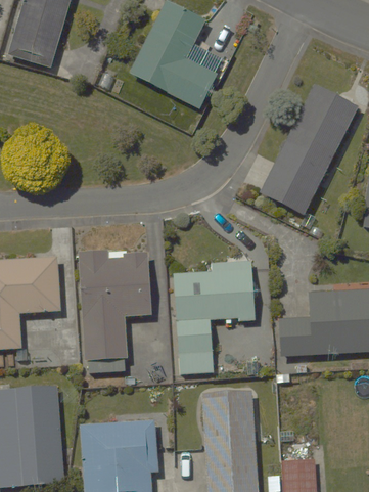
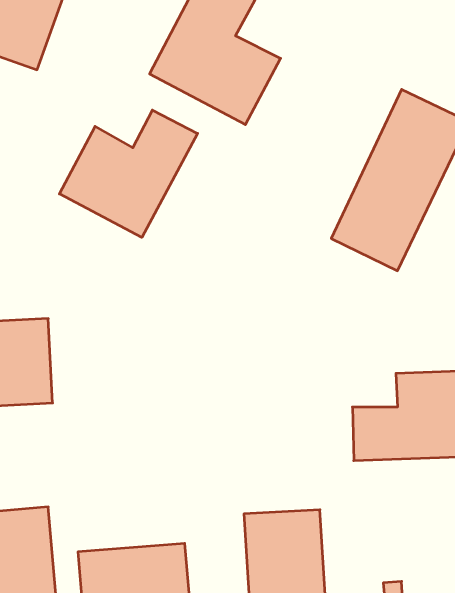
building: none -> [59,110,198,237]
building: [75,241,150,359] -> none
building: [176,261,257,374] -> none

